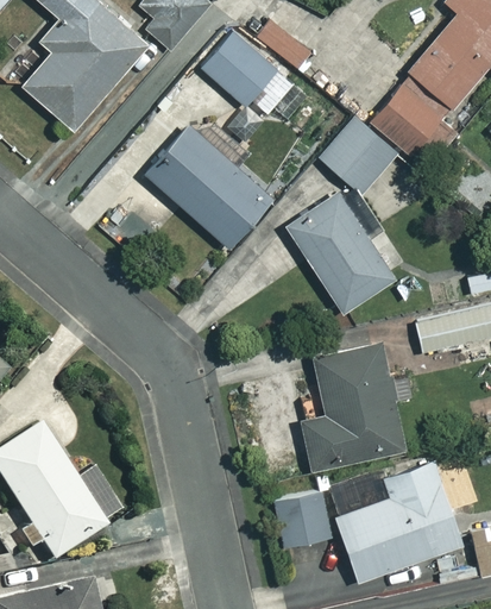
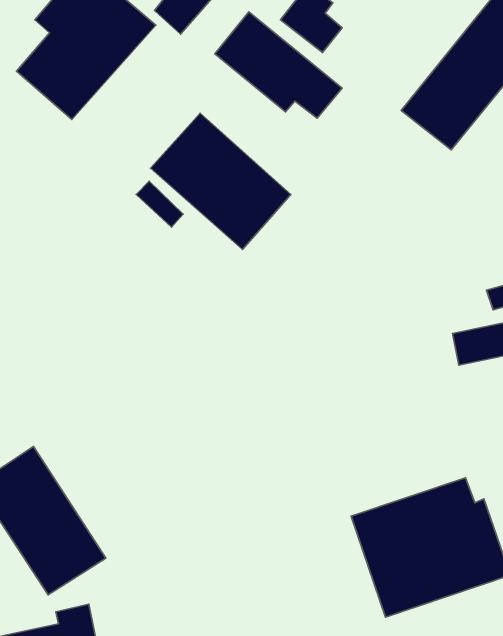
building: [320,115,398,194] -> none
building: [287,194,394,313] -> none
building: [301,341,408,471] -> none
building: [281,494,333,545] -> none

